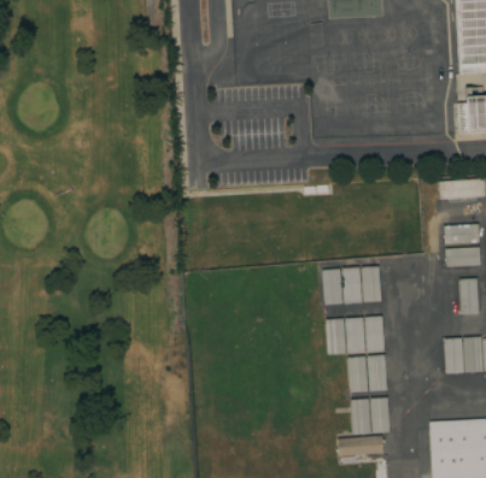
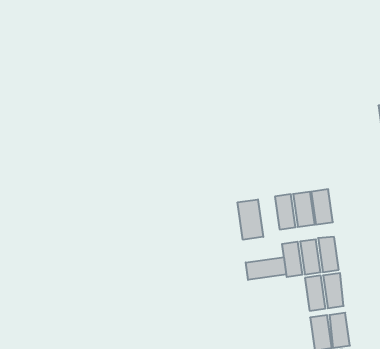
building: none -> [238,199,263,240]
building: none -> [246,257,286,280]

